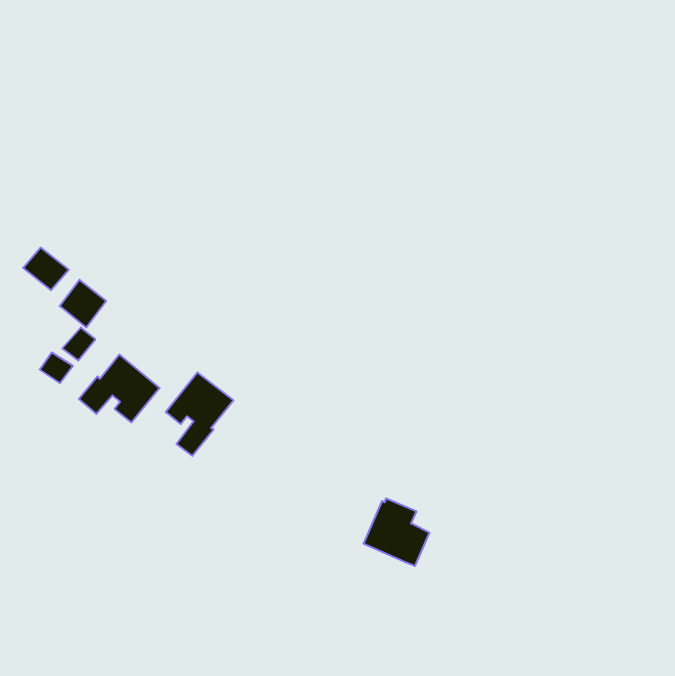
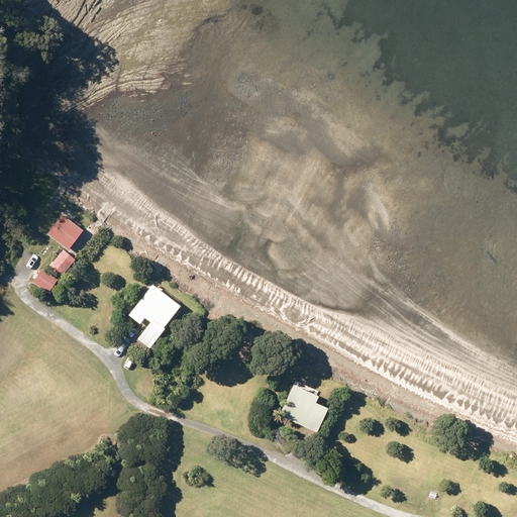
building: [23,248,69,290] -> none
building: [79,355,160,422] -> none

